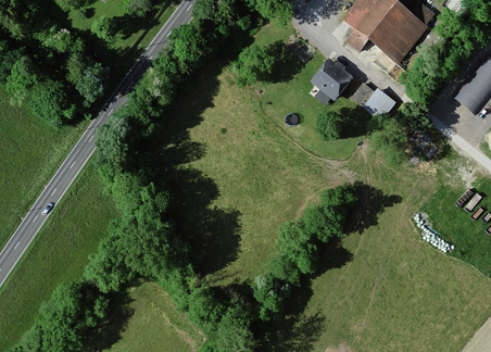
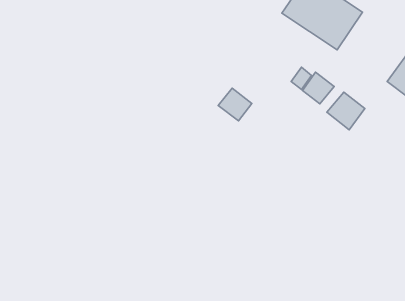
building: [313,62,349,97] -> [218,88,252,121]
building: none -> [327,92,365,130]

